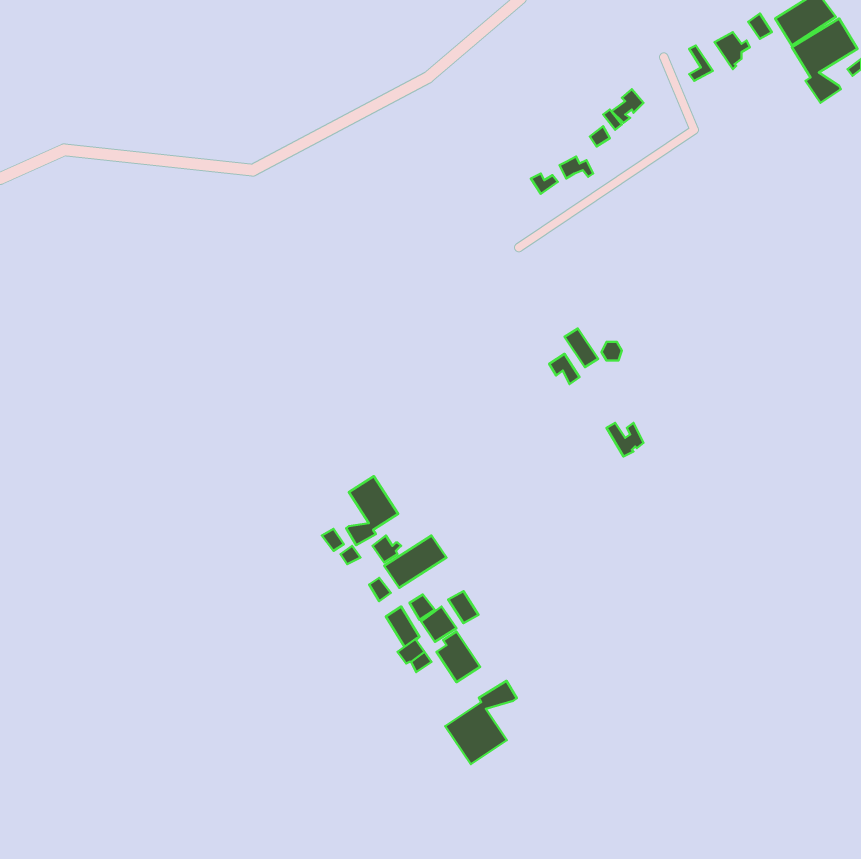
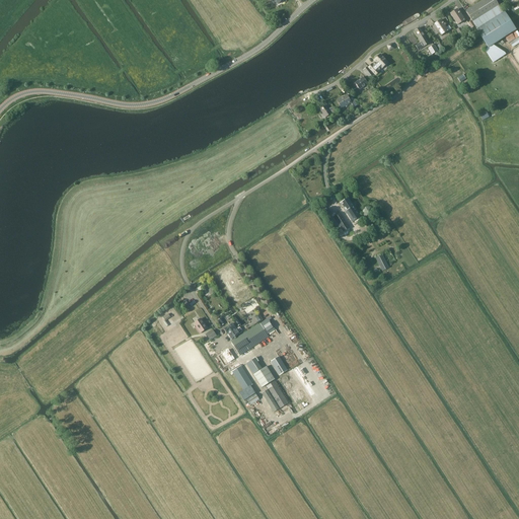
building: [346,476,398,545] -> none
building: [445,681,517,764] -> none

